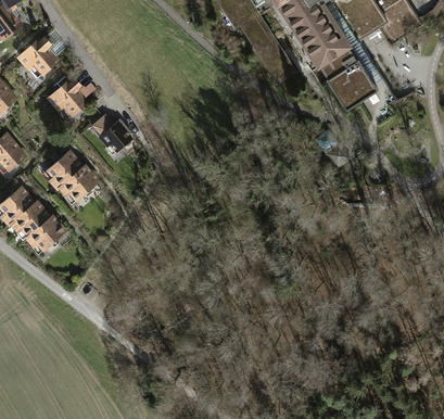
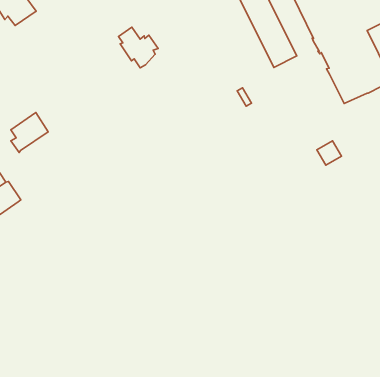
building: [49,78,88,116] -> none
building: [93,115,130,151] -> [119,27,158,68]
building: [59,166,98,200] -> none

